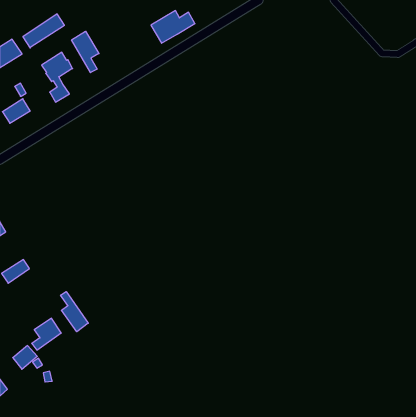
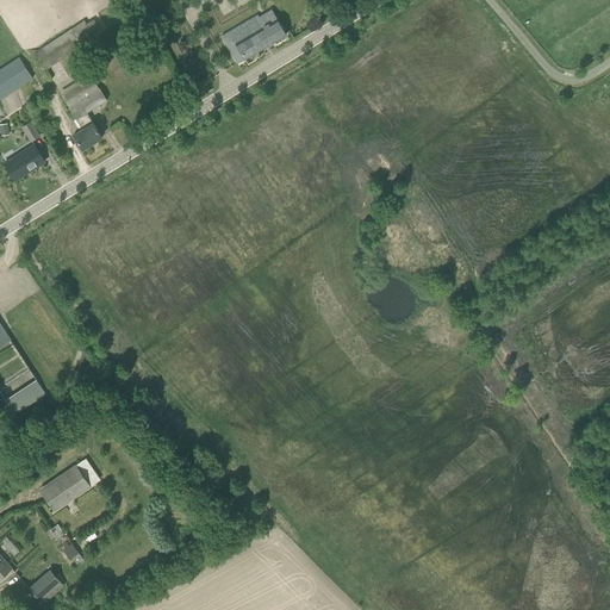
building: [72,31,99,73] -> none
building: [61,292,88,332] -> none
building: [13,346,37,369] -> [26,565,62,599]

